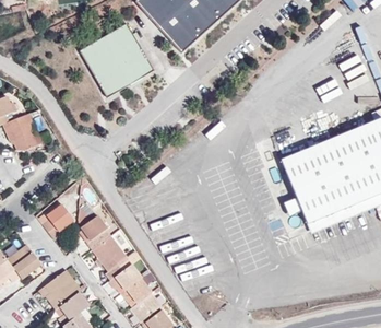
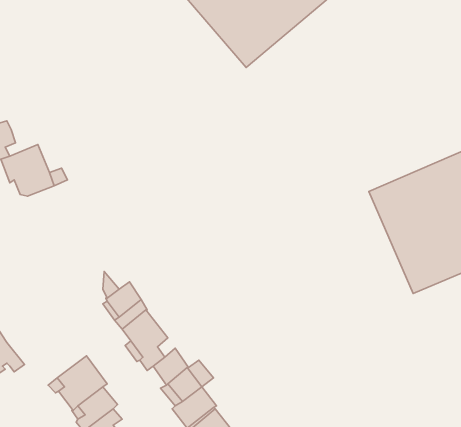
building: [79,24,153,98] -> none
building: [43,204,73,239] -> none
building: [7,245,40,279] -> none

